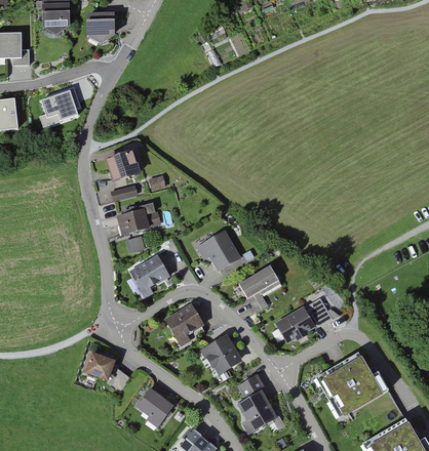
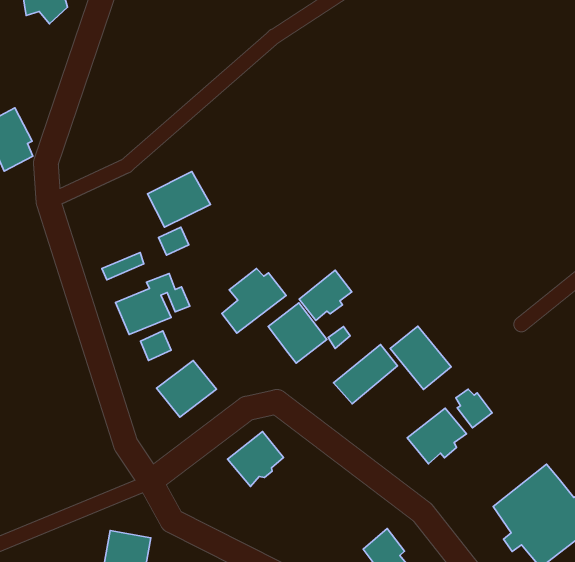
building: [103,152,140,182] -> [147,172,211,227]
building: none -> [222,269,286,333]
building: none -> [299,270,352,321]
building: none -> [390,326,451,390]
building: [208,337,239,371] -> none

